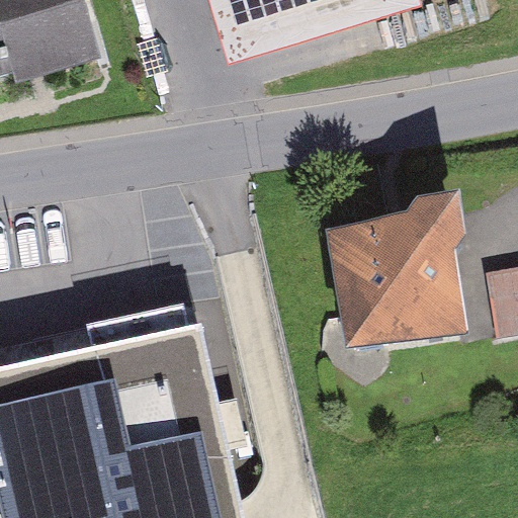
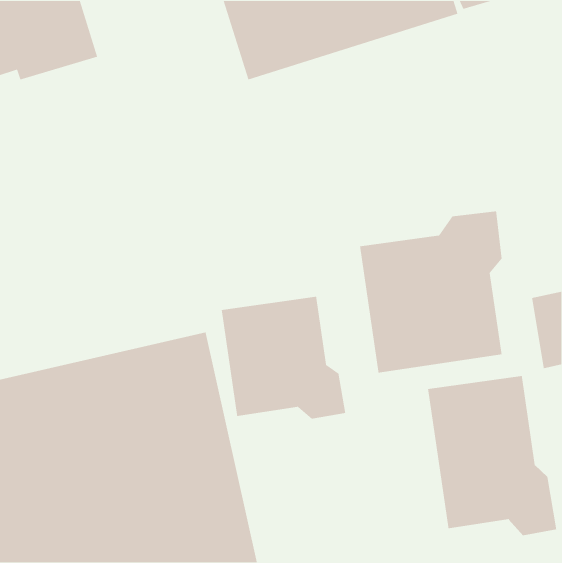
building: none -> [221,296,346,420]
building: none -> [427,375,557,536]

